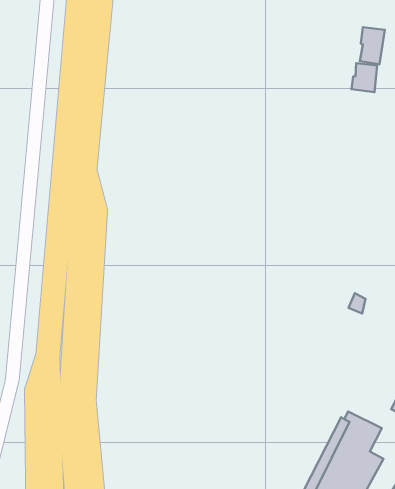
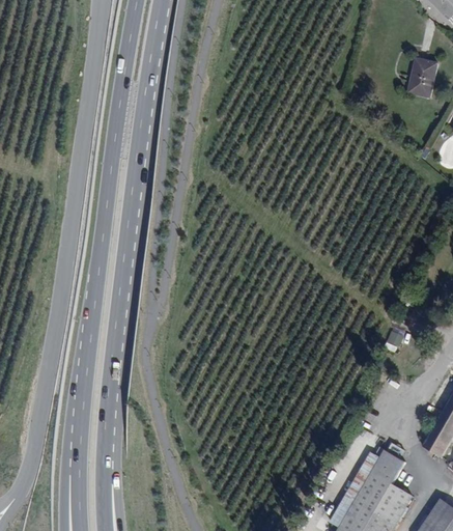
building: [351,63,377,92] -> none

